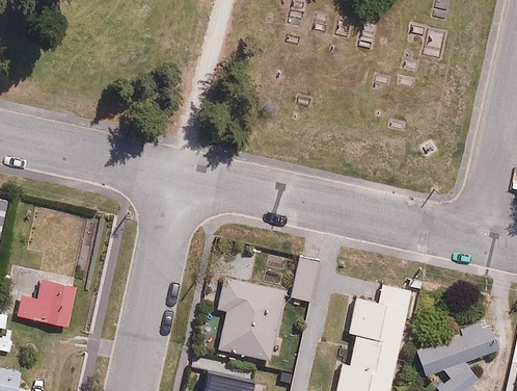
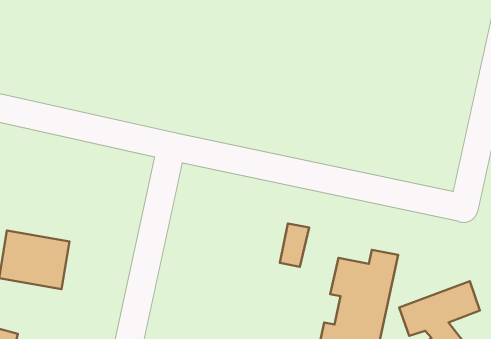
building: [217,279,287,363] -> none

